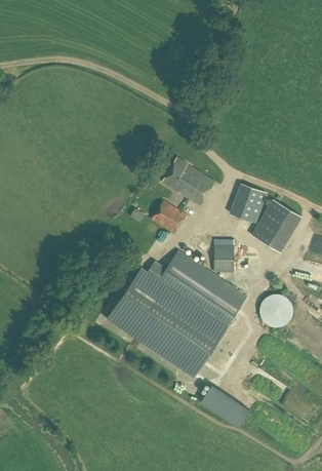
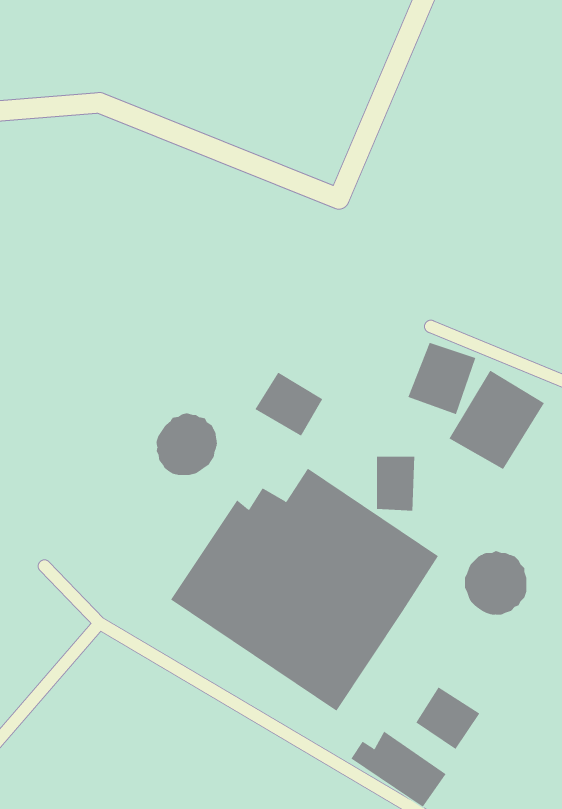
building: [162,157,214,205] -> none
building: none -> [156,413,217,476]
building: none -> [416,687,480,750]

